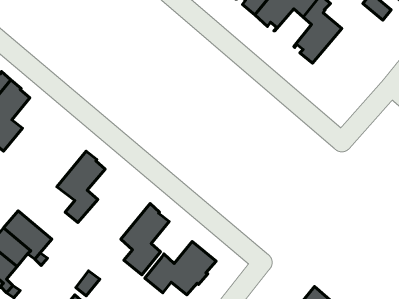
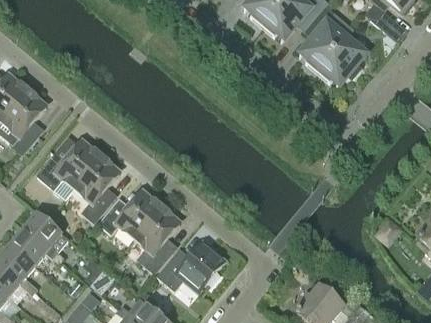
building: none -> [317,34,366,85]
building: none -> [36,139,101,188]
building: none -> [98,190,162,238]

